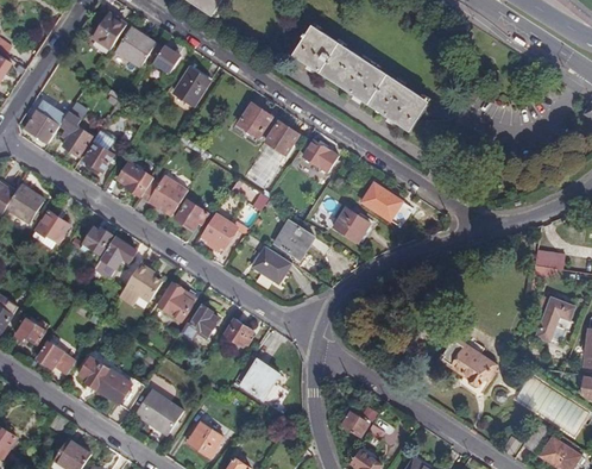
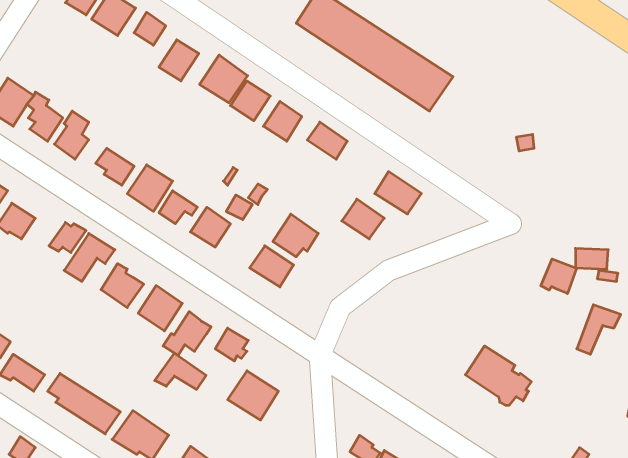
building: none -> [200,55,248,103]
building: none -> [541,259,577,294]
building: none -> [155,353,206,389]

